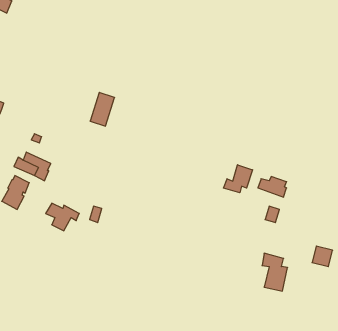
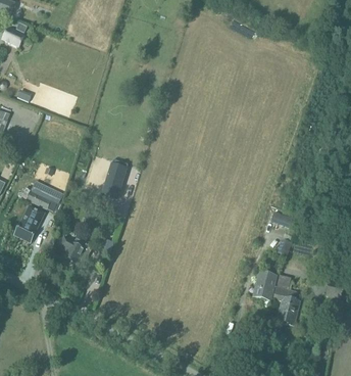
building: [90,92,115,126] -> [102,162,127,196]
building: [223,165,253,193] -> none
building: none -> [253,270,277,298]

